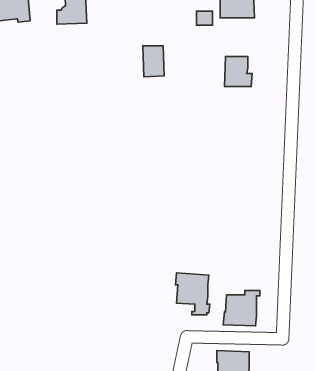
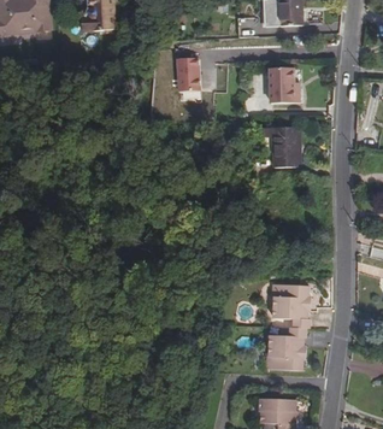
building: none -> [263,127,299,166]
building: [176,273,210,315] -> [273,283,312,330]

